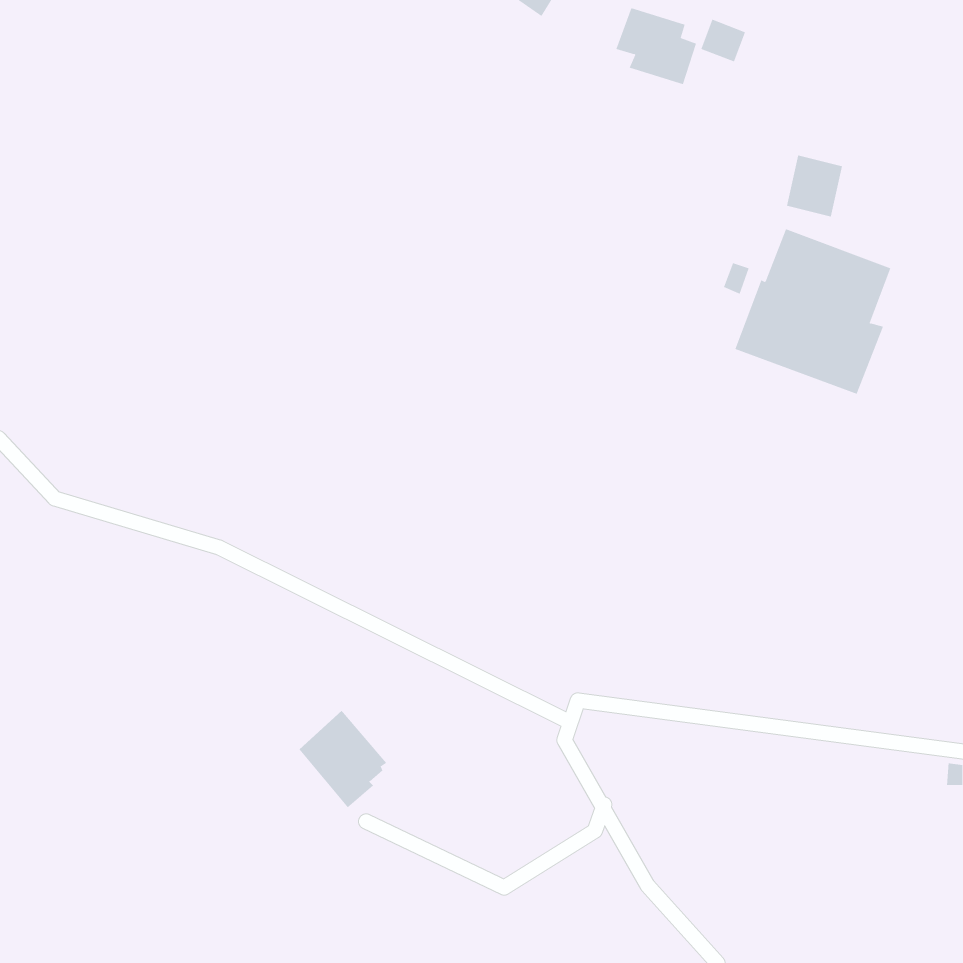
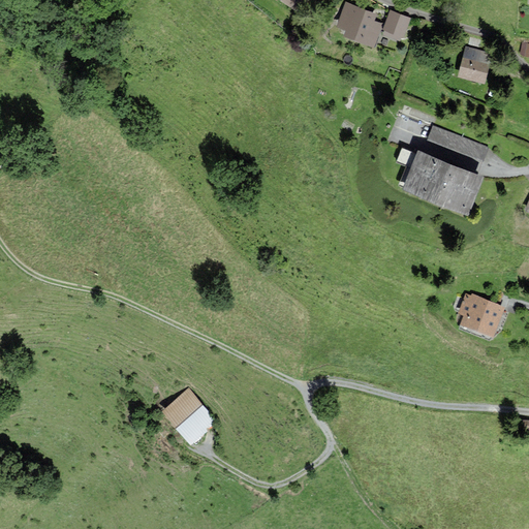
building: [786,155,843,217] -> [459,46,490,81]
building: none -> [459,294,503,335]

